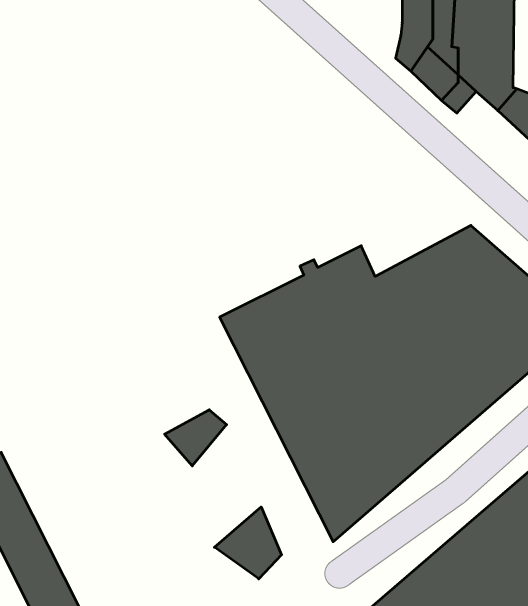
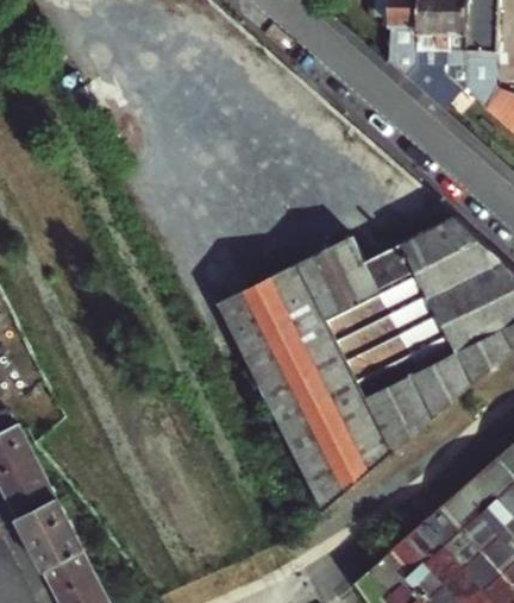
building: [165,410,227,466] -> none
building: [214,507,282,579] -> none

